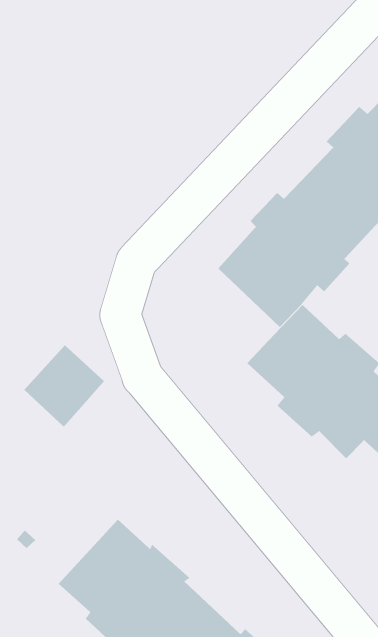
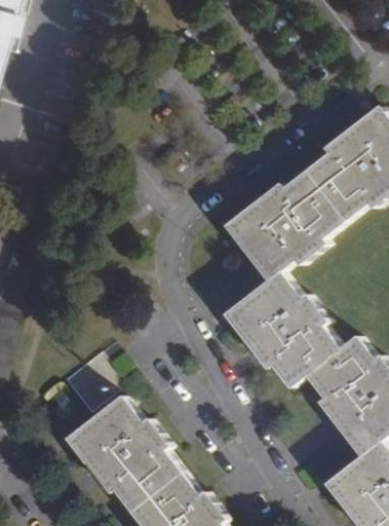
building: [23,345,105,428] -> [61,355,121,416]

